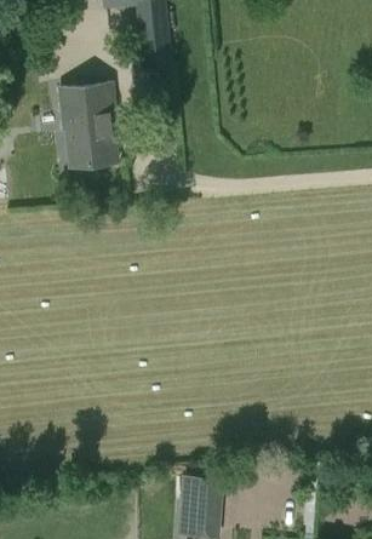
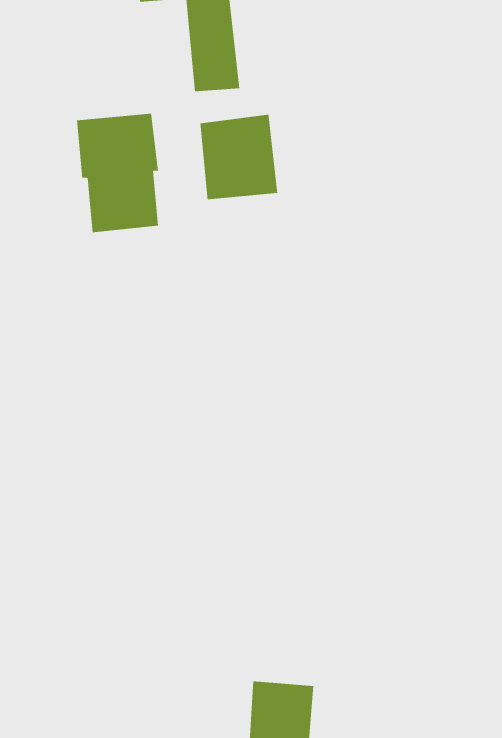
building: none -> [200,114,278,200]

